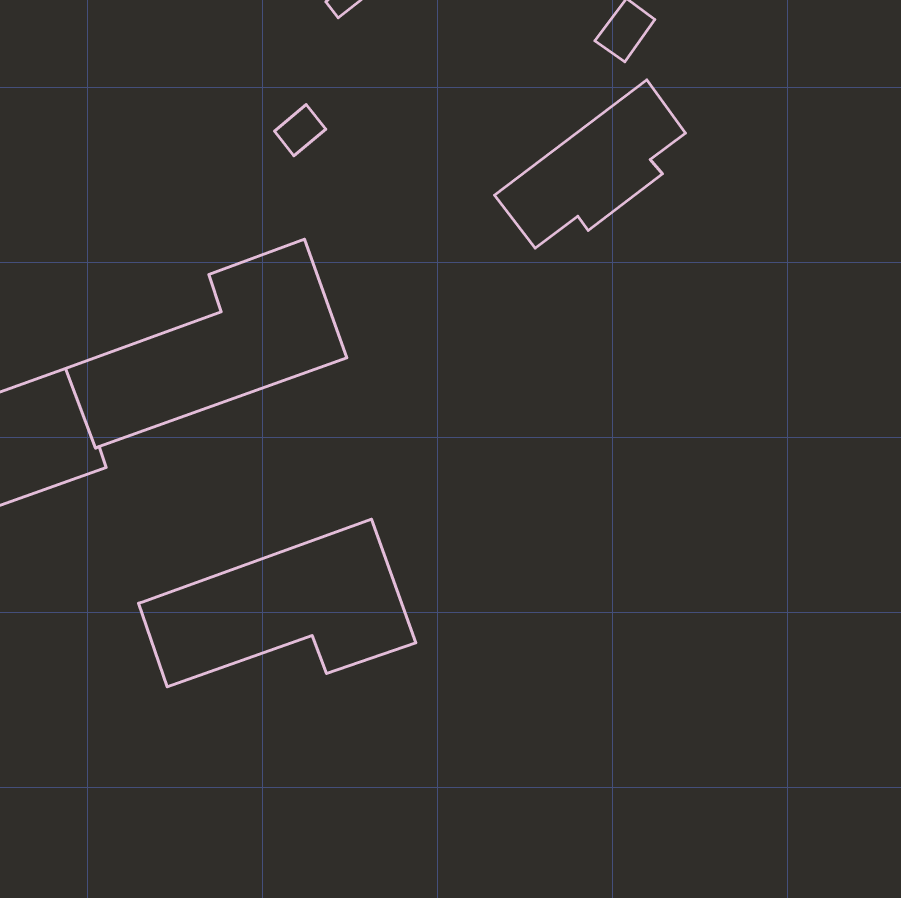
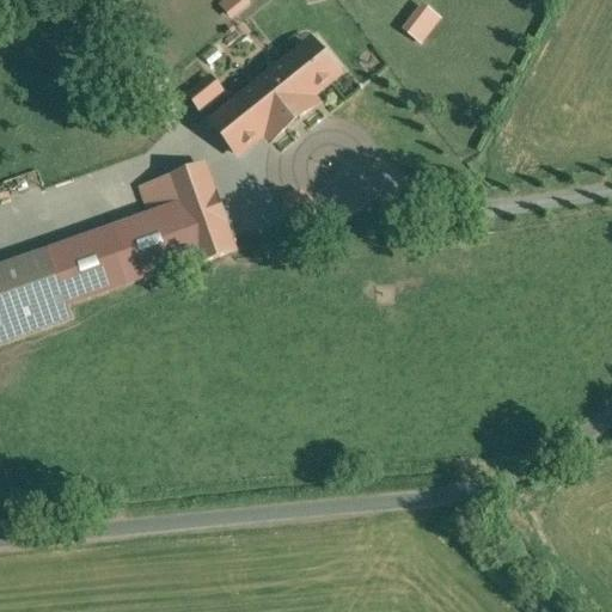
building: [494,80,686,248] -> [206,36,335,149]
building: [138,519,416,687] -> none

